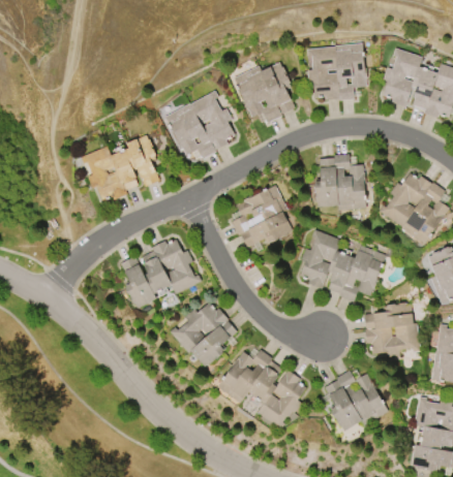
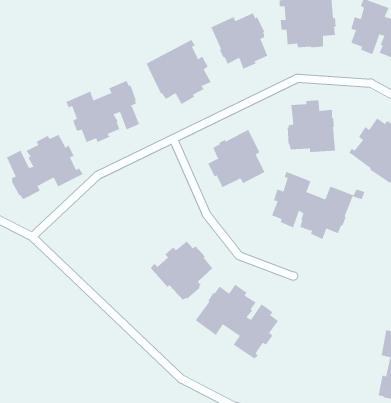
building: [120,240,202,309] -> [6,134,83,200]
building: [364,303,420,357] -> none
building: [324,371,388,432] -> none

